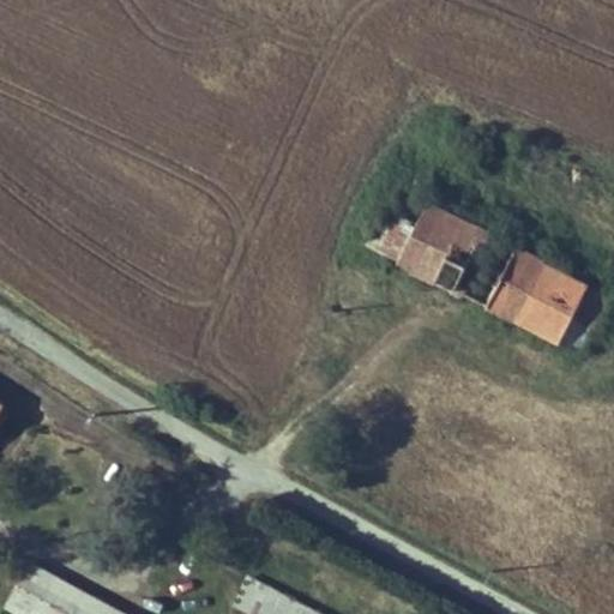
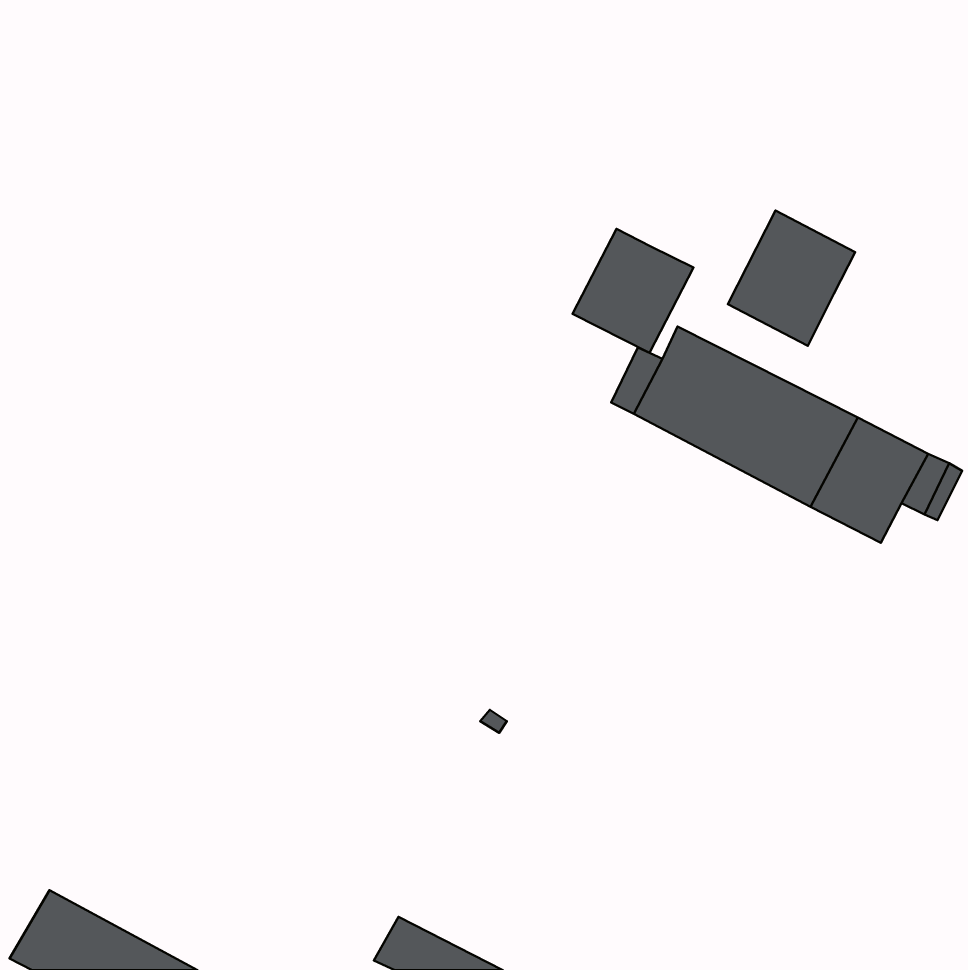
building: none -> [728,210,855,346]
building: none -> [572,229,694,353]

